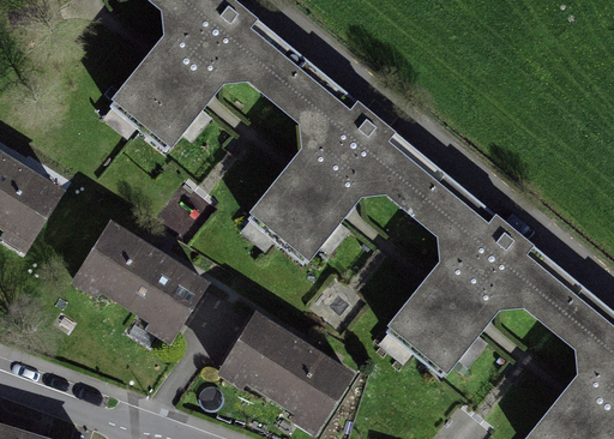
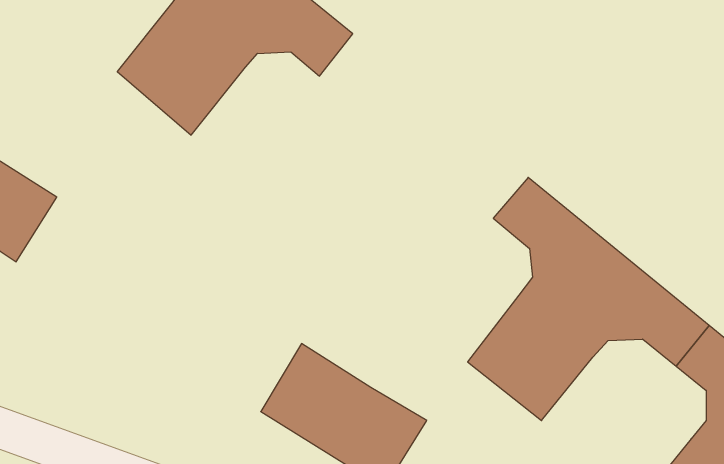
building: [247,66,435,259] -> none
building: [78,221,211,336] -> none

